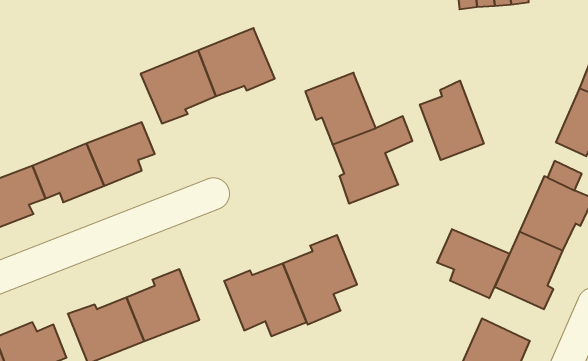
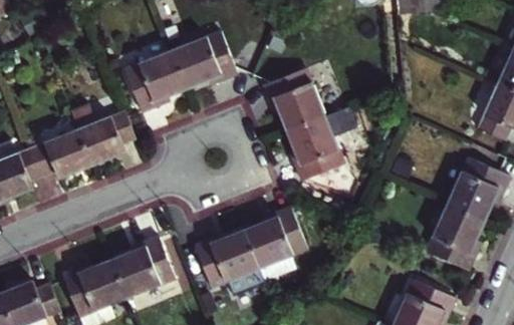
building: [420,81,484,160] -> none
building: [437,229,510,298] -> none

